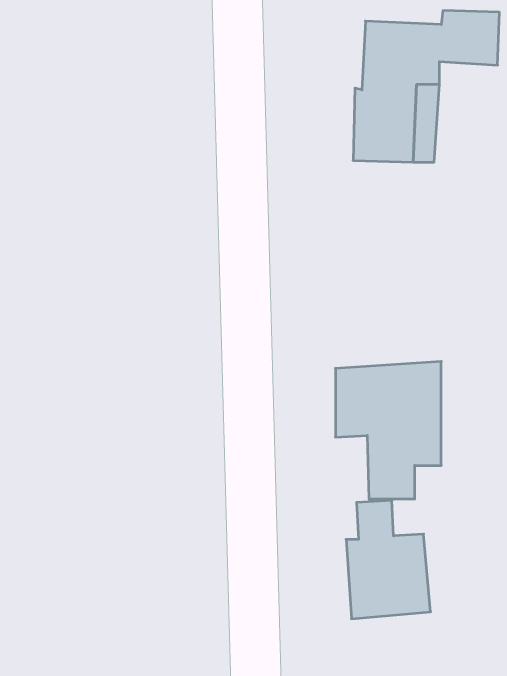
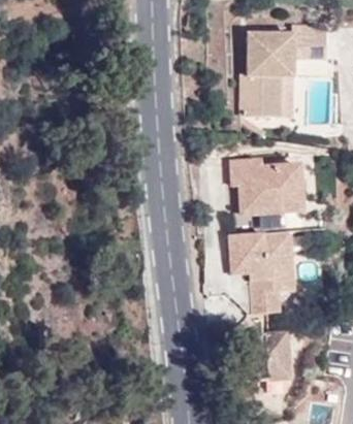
building: none -> [230,163,306,232]

